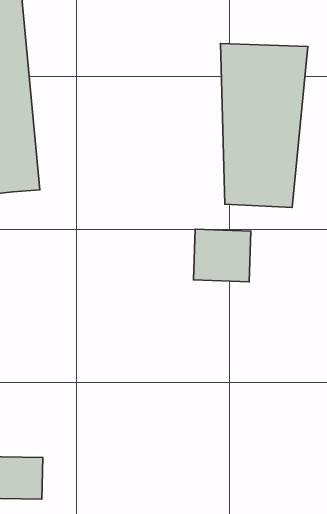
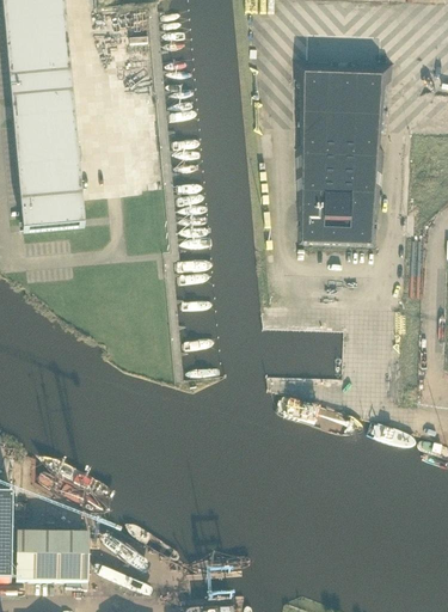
building: [194,229,251,282] -> none

